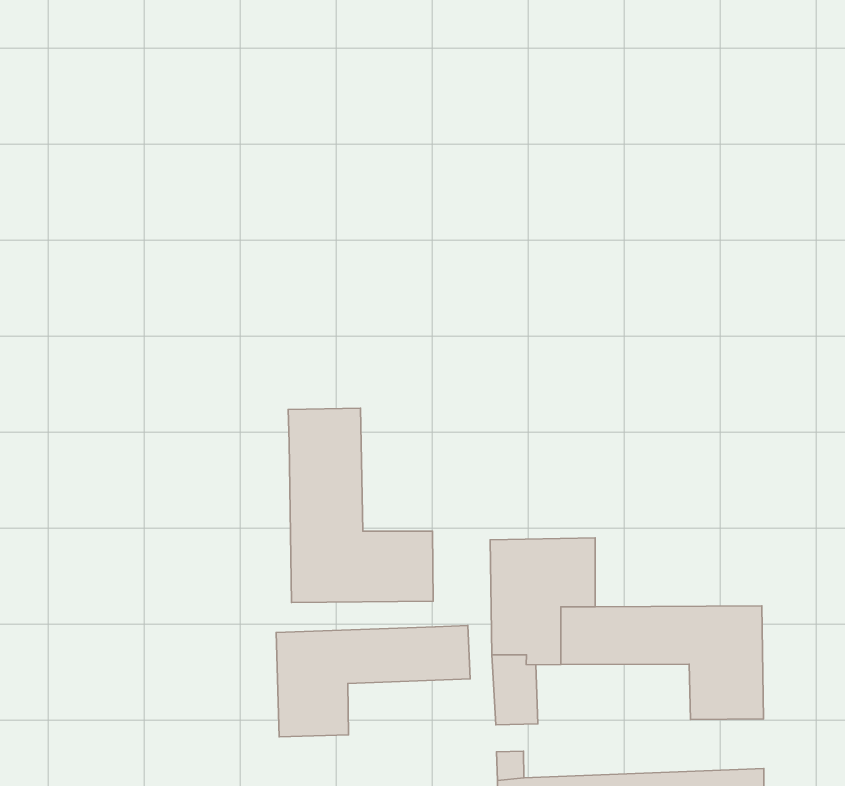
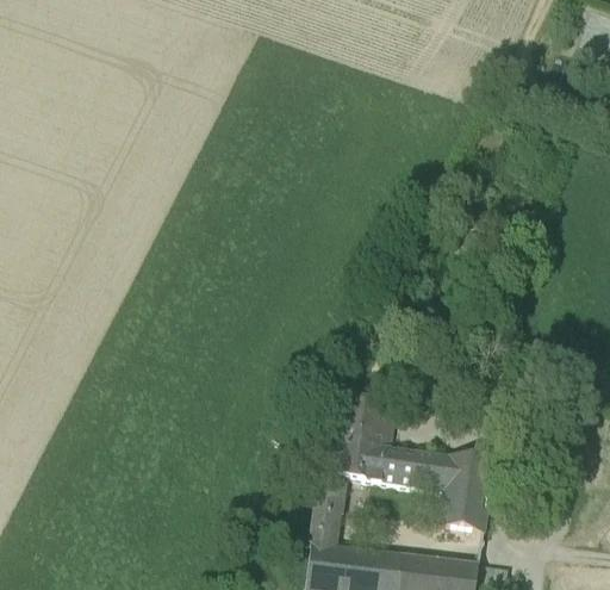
building: [288,408,433,602] -> none
building: [276,626,470,737] -> none

